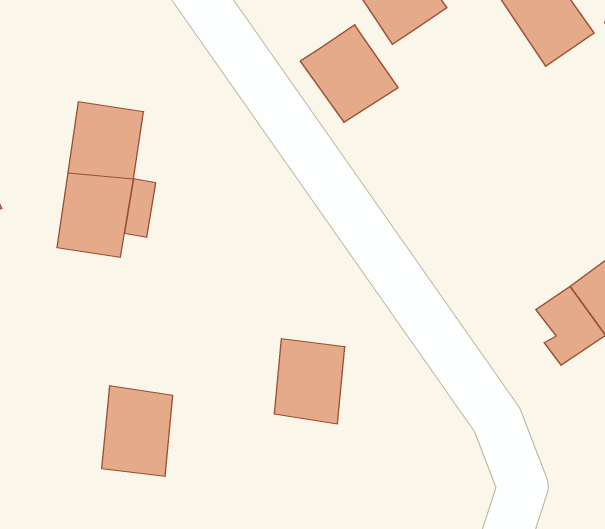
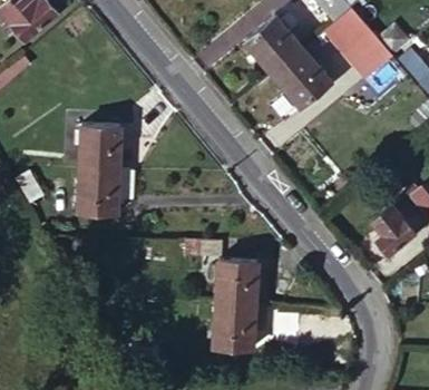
building: [300,25,398,122] -> [270,51,329,109]
building: [102,386,173,476] -> [221,300,259,350]

